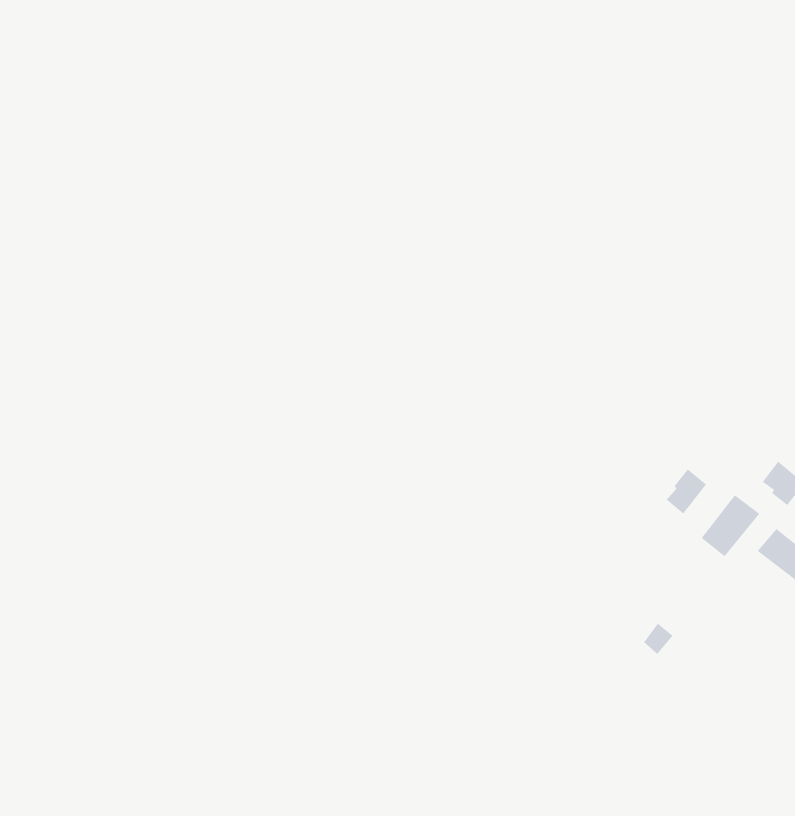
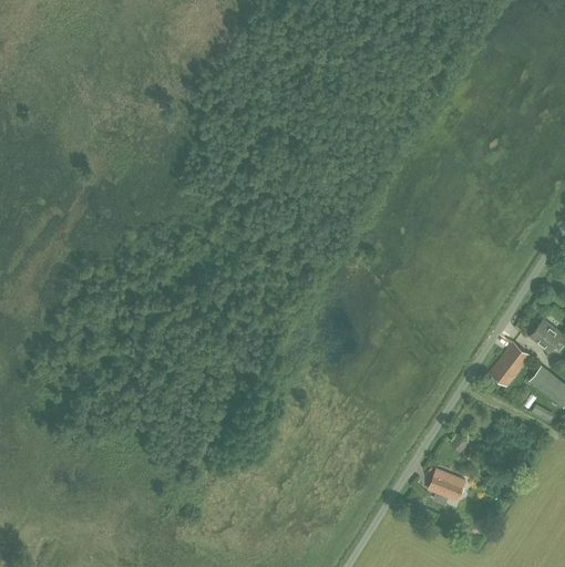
building: [666,469,707,514] -> none
building: none -> [429,470,465,501]

